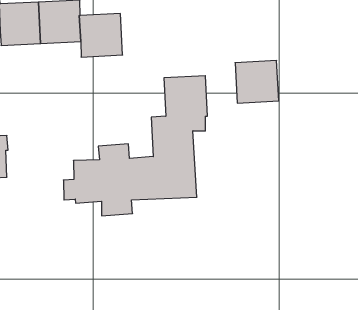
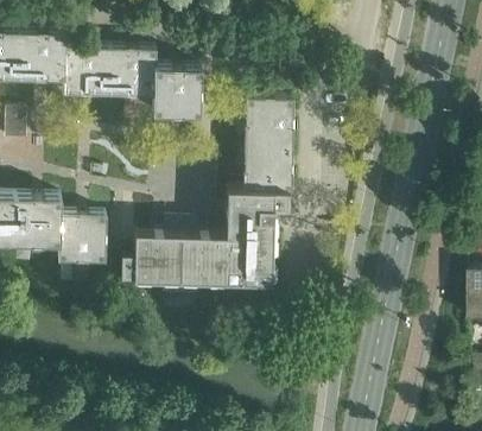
building: [235,61,279,103] -> [246,100,294,147]
building: none -> [58,215,107,264]

